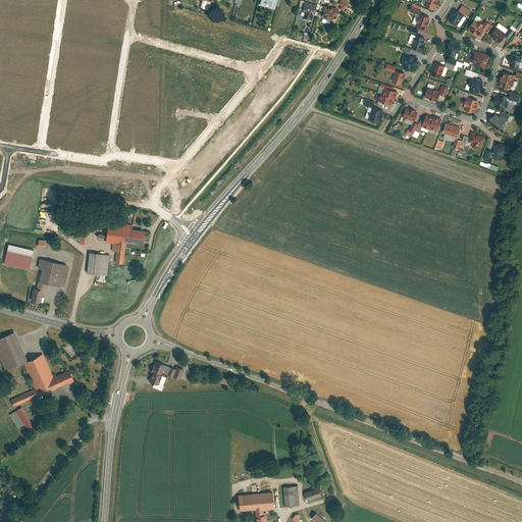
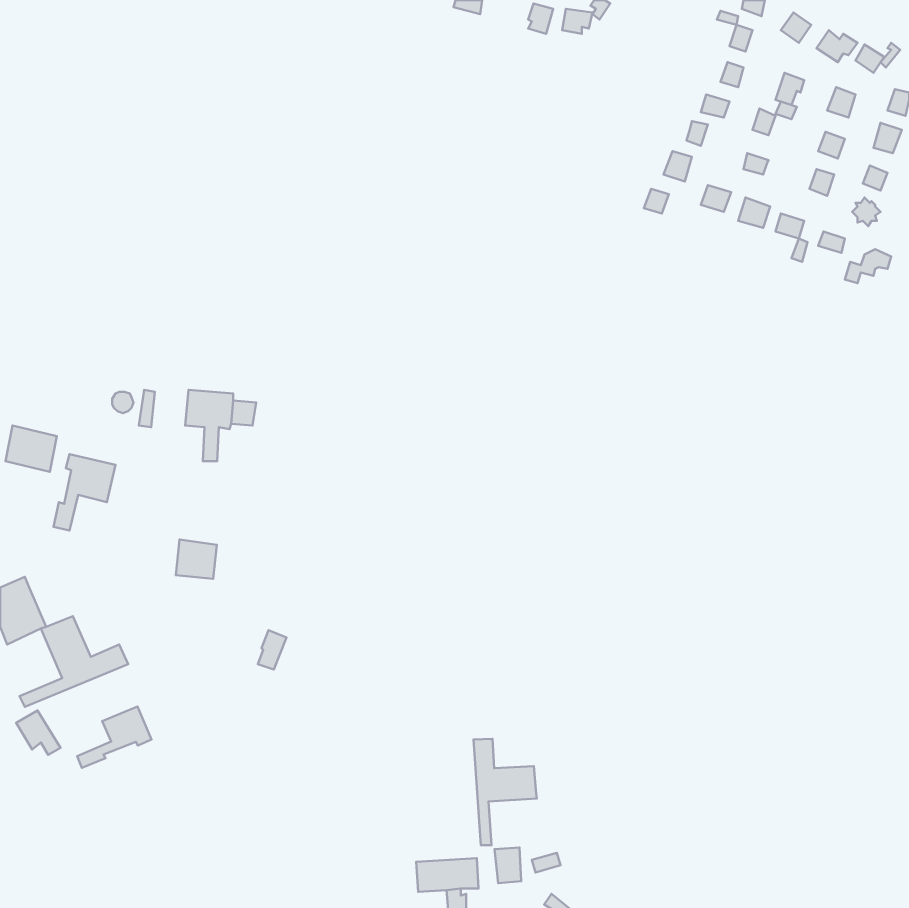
building: [87,254,110,276] -> [176,540,217,579]
building: none -> [77,706,151,768]
building: none -> [473,739,537,845]

